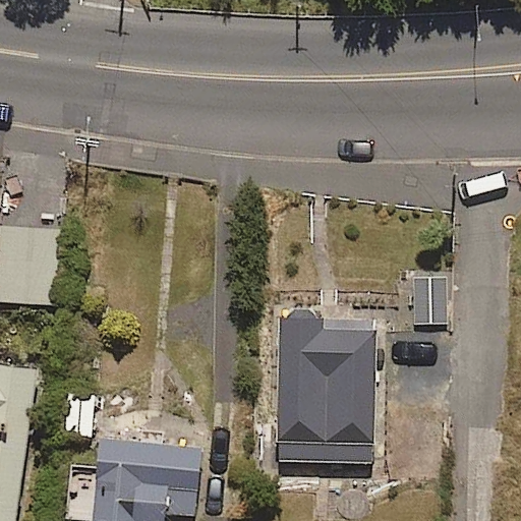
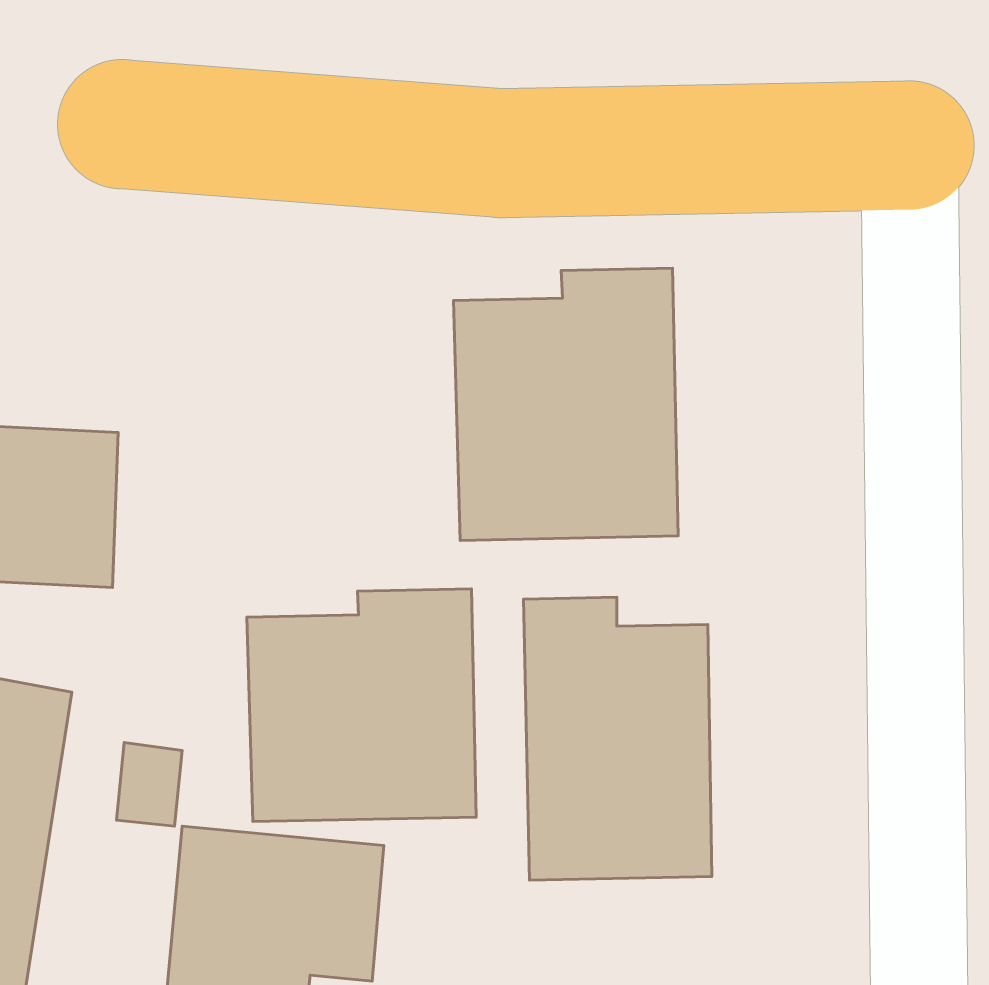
building: none -> [454,268,678,540]
building: none -> [247,589,476,822]

